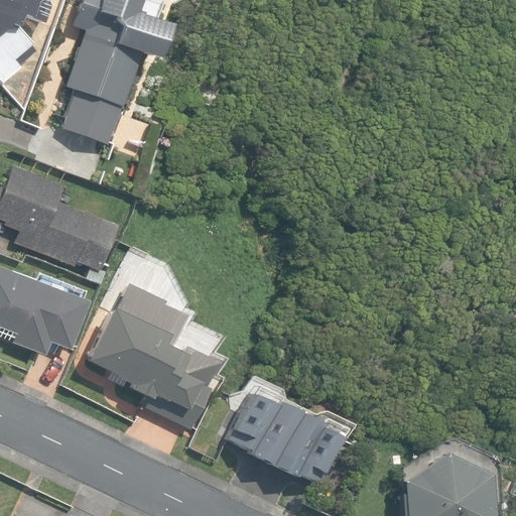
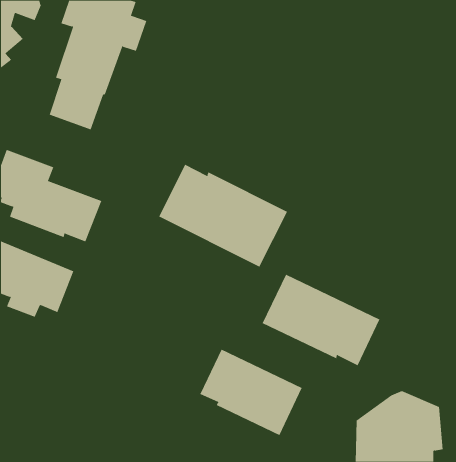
building: none -> [159,164,288,267]
building: [86,305,213,430] -> none
building: none -> [262,274,380,366]

